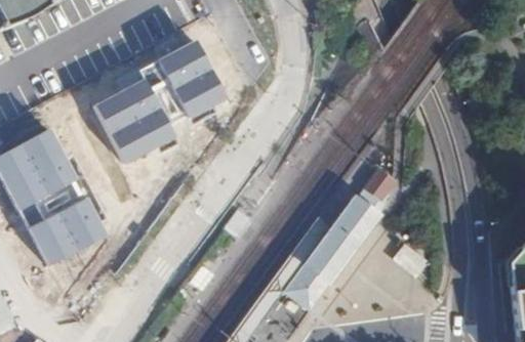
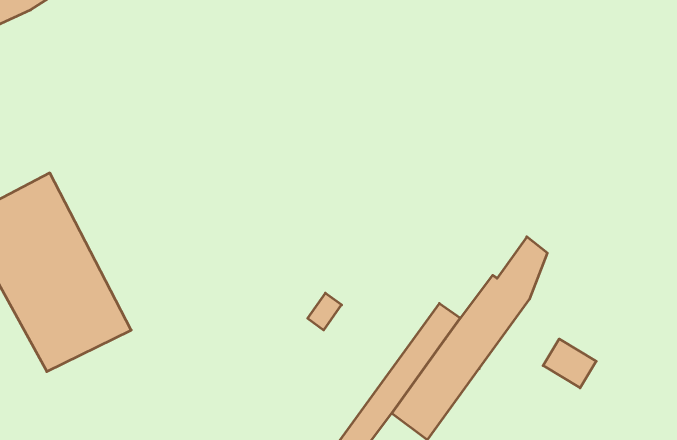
building: [94,38,224,163] -> none

